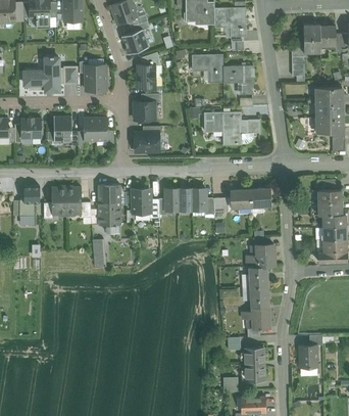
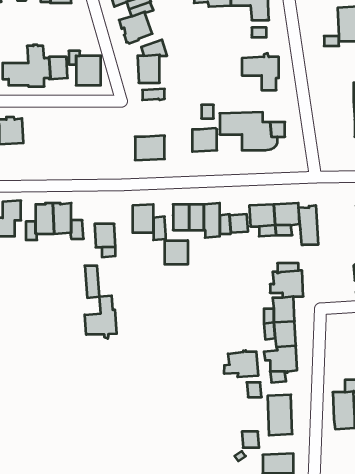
building: [192,53,223,82] -> none
building: [135,100,155,120] -> [192,128,217,152]
building: [54,114,72,144] -> none
building: [85,117,107,140] -> none
building: [99,184,118,204] -> none
building: none -> [299,205,318,245]
building: none -> [165,240,188,264]
building: none -> [85,296,117,339]
building: none -> [224,350,258,377]

